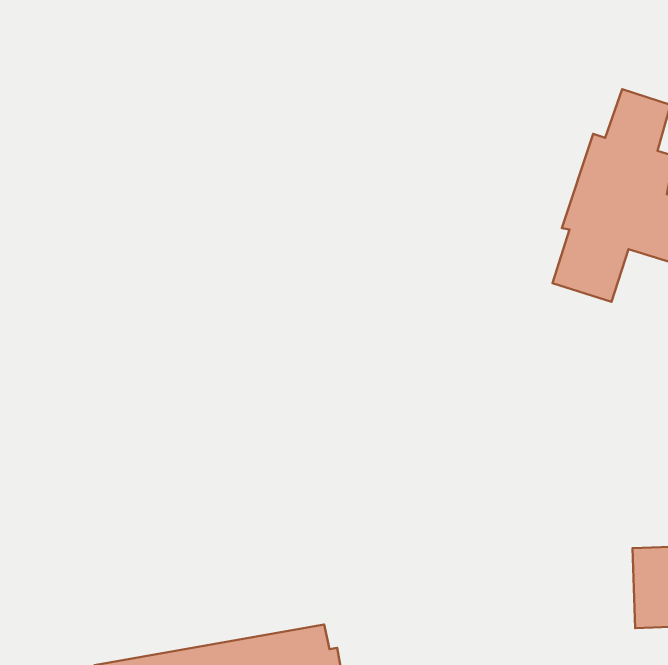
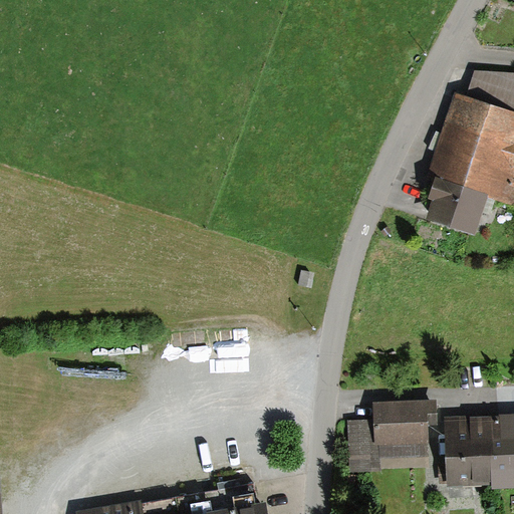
building: none -> [348,412,429,458]
building: none -> [444,424,488,487]

